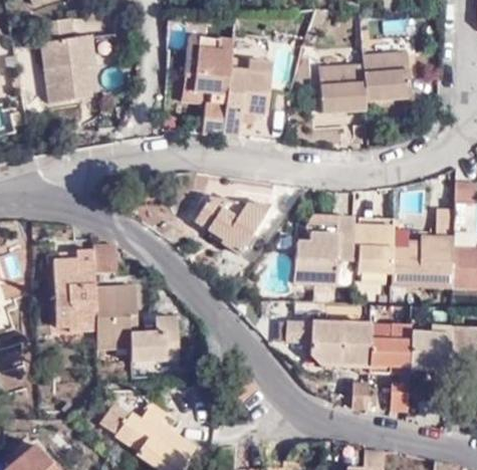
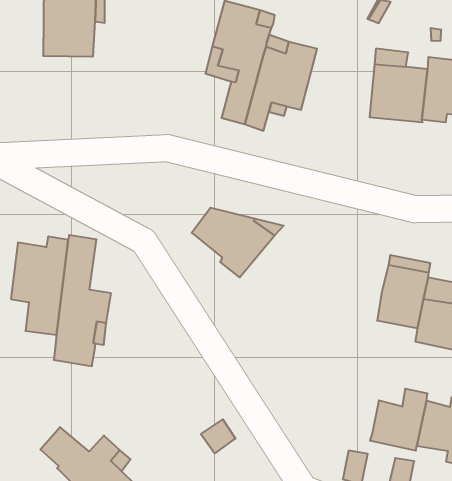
building: [295,218,353,286] -> none
building: [130,317,179,362] -> none
building: [283,322,371,368] -> none

